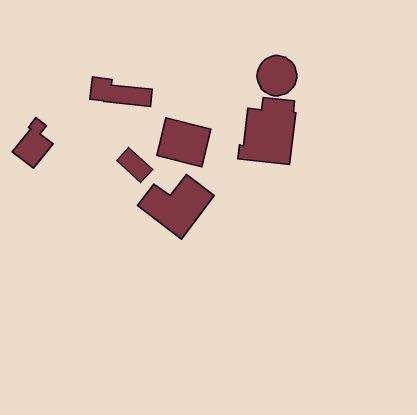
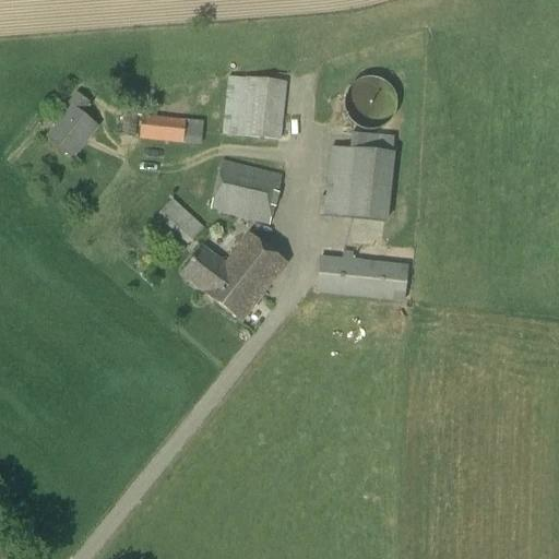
building: none -> [223,73,287,138]
building: [12,118,53,168] -> [46,88,100,156]
building: none -> [314,249,406,299]

